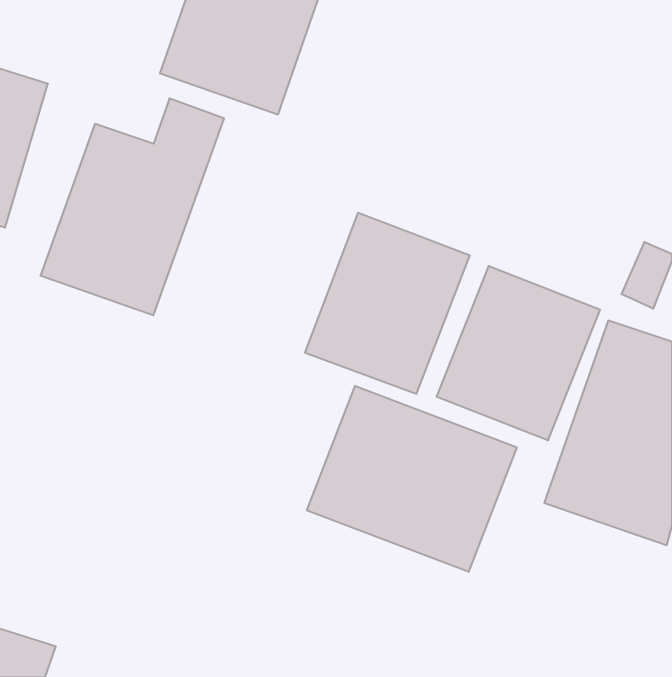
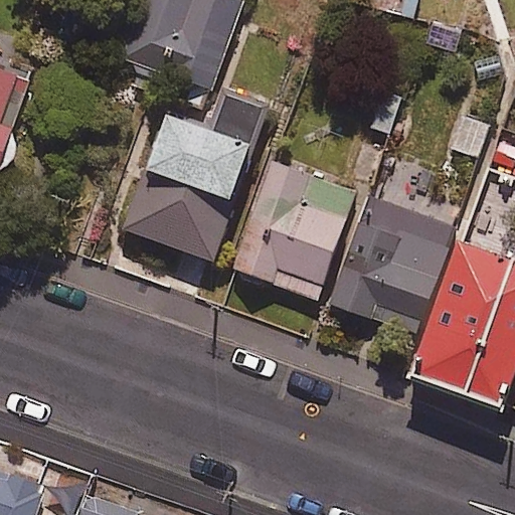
building: [40,98,224,315] -> [127,96,266,260]
building: [307,386,517,572] -> none

